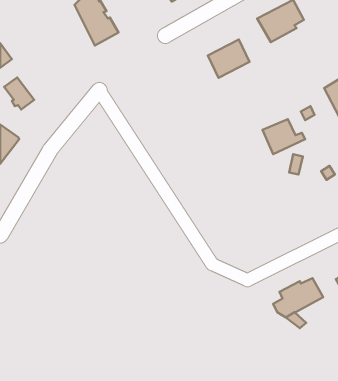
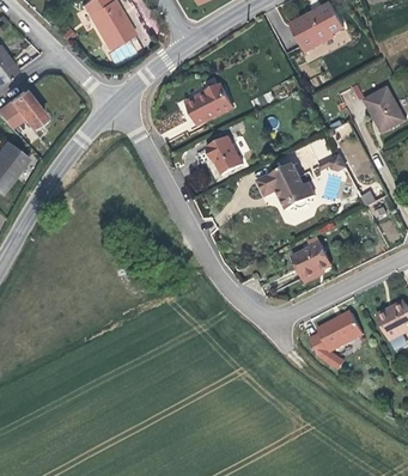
building: [208,39,249,78] -> [183,83,230,126]
building: none -> [202,138,237,176]
building: none -> [250,166,304,210]
building: none -> [291,242,329,277]

